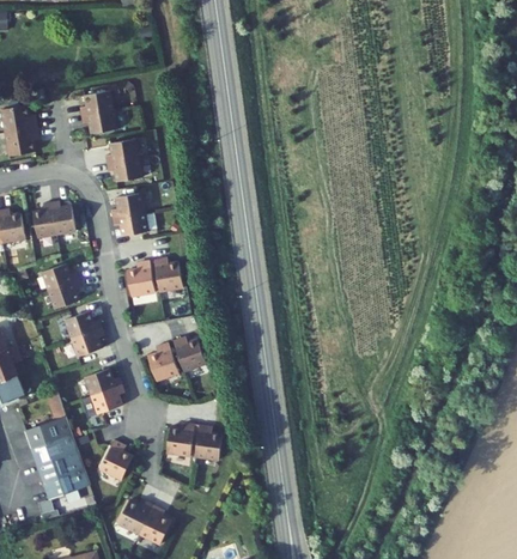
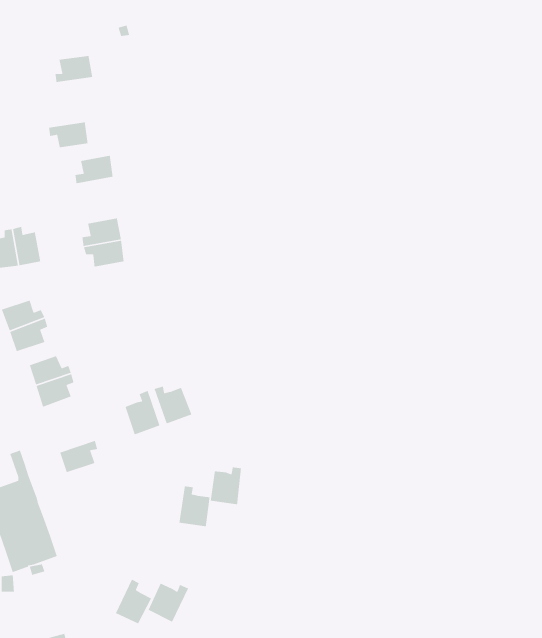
building: [80,92,114,116] -> [54,55,93,83]
building: [105,159,141,183] -> none
building: [153,259,182,292] -> none
building: [127,261,154,297] -> none
building: [84,369,122,396] -> none
building: [166,424,194,457] -> [210,466,242,505]
building: [99,440,132,480] -> none
building: [117,500,153,535] -> [148,583,189,623]

